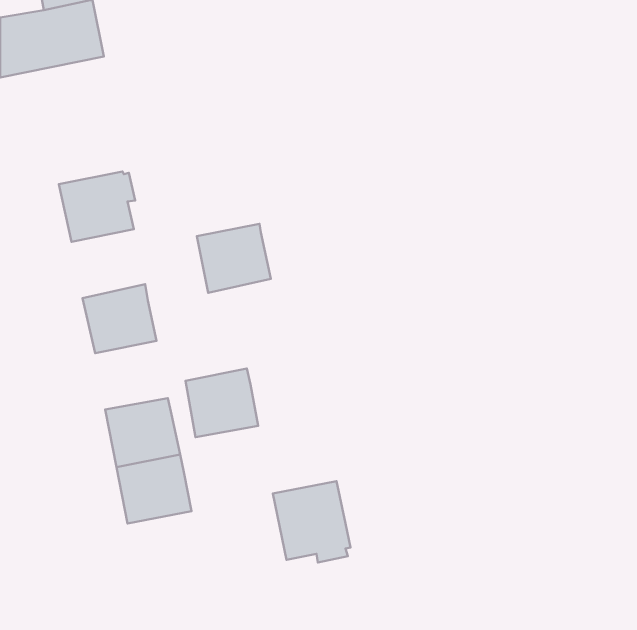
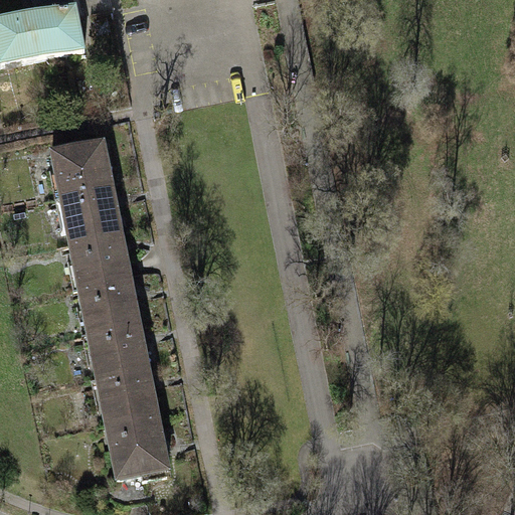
building: [197,224,271,293] -> [59,184,119,239]
building: [186,368,258,437] -> [78,274,137,329]
building: [273,481,350,562] -> [105,410,167,476]

